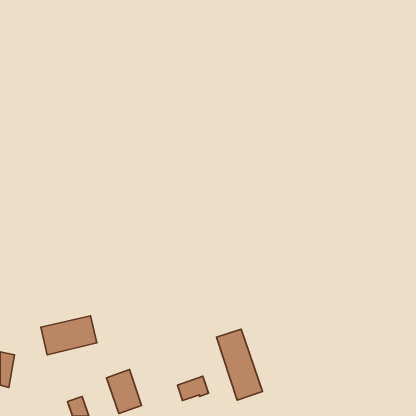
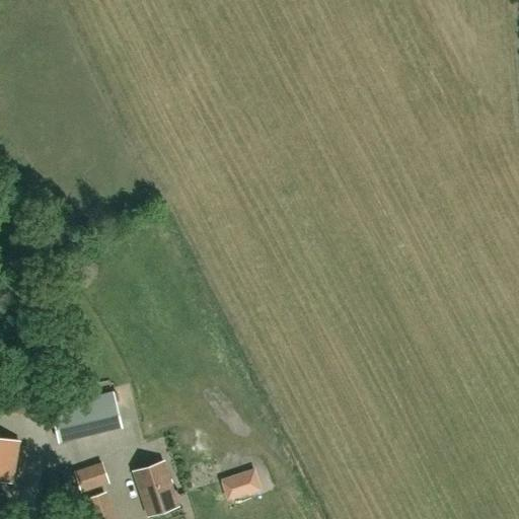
building: [217,329,262,400] -> none
building: none -> [75,463,107,491]

